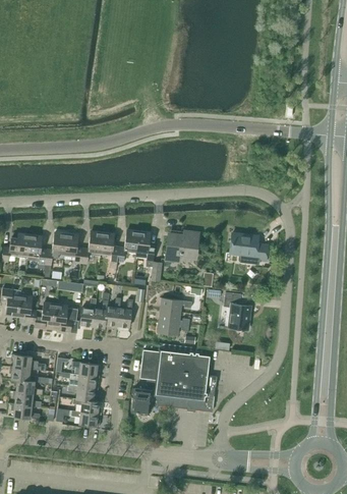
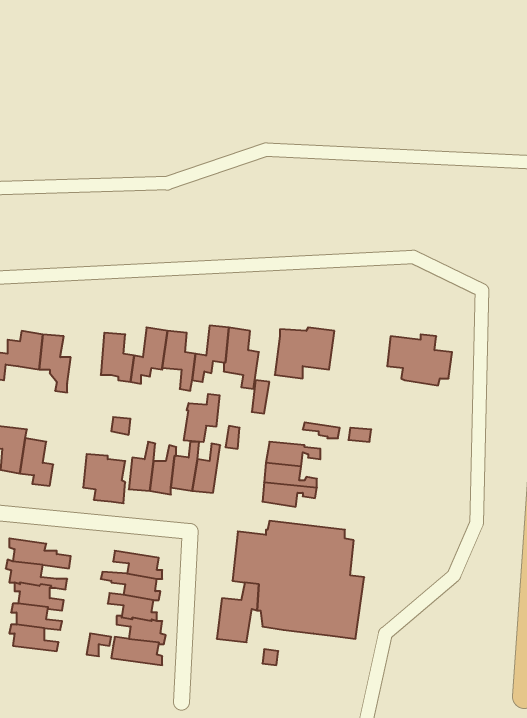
building: [45,232,66,265] -> none
building: none -> [184,394,220,442]
building: [224,292,251,329] -> none
building: [35,303,56,329] -> none

